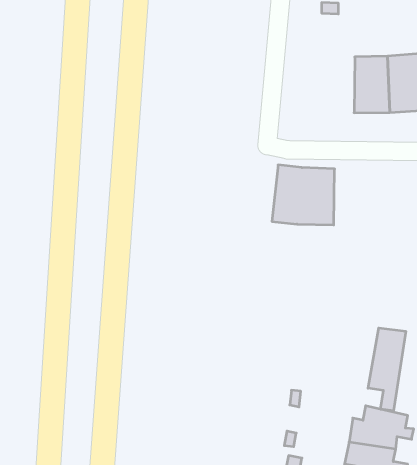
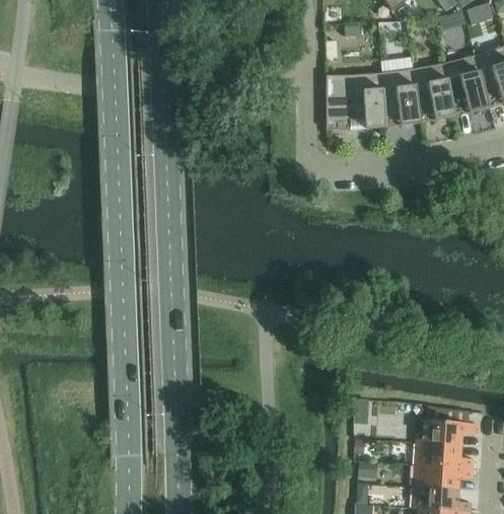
building: [272,165,335,225] -> [327,74,386,131]
building: [368,328,406,411] -> none

